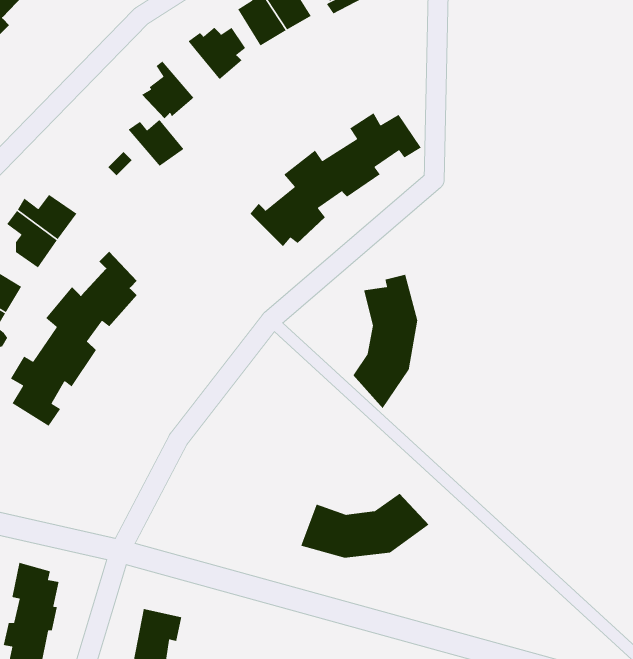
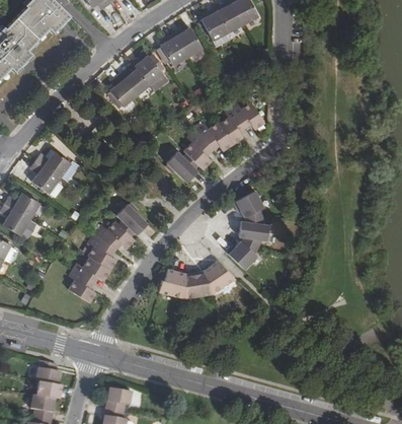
building: [128,119,184,167] -> [119,67,152,94]
building: [10,251,138,427] -> [69,204,142,304]
building: [300,493,430,558] -> [160,265,234,302]

